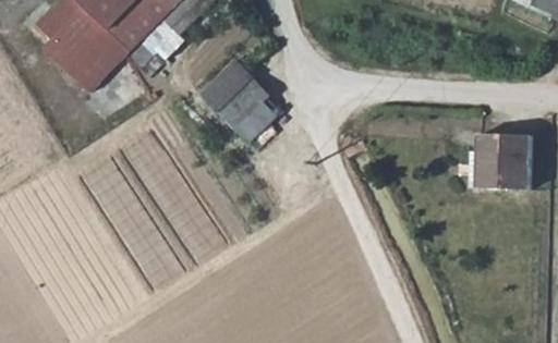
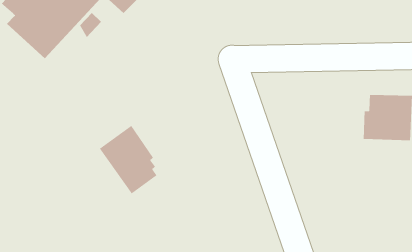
building: [196,66,267,150] -> [99,125,158,195]

